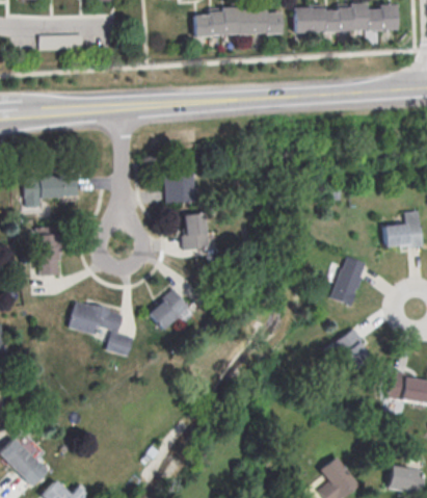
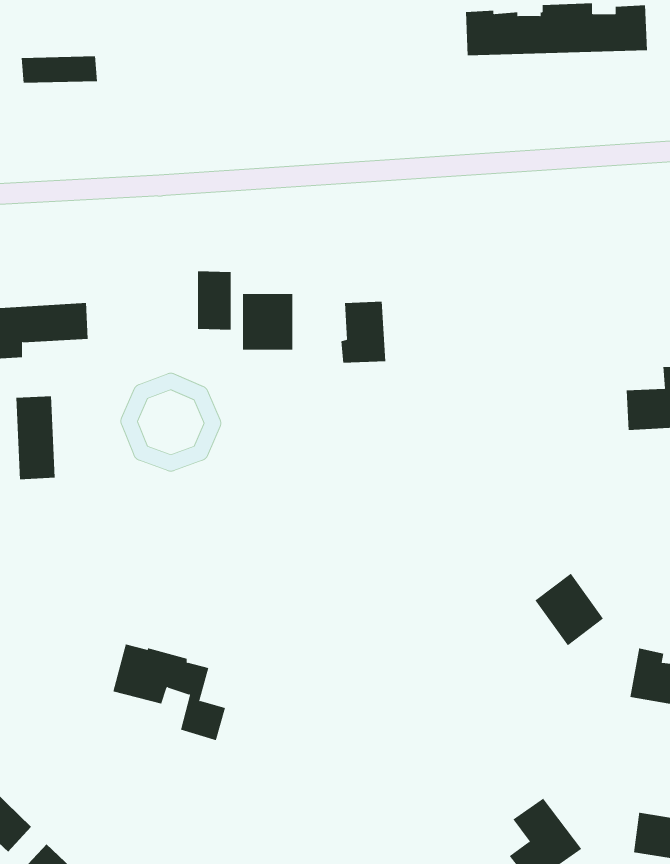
building: [192,7,281,37] -> none
building: none -> [198,271,231,331]
building: [183,212,209,247] -> [341,301,386,363]
building: [331,255,367,305] -> none
building: [149,288,190,329] -> none
building: [69,302,133,357] -> [112,644,226,741]

